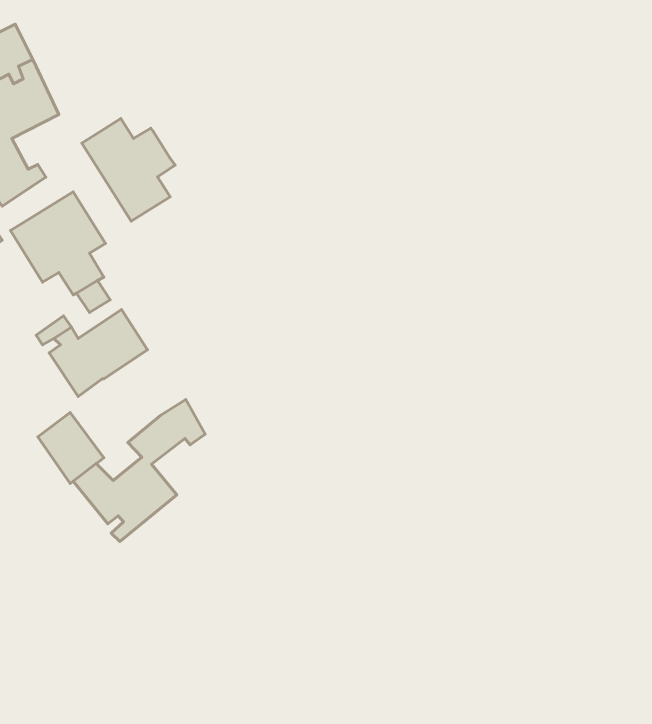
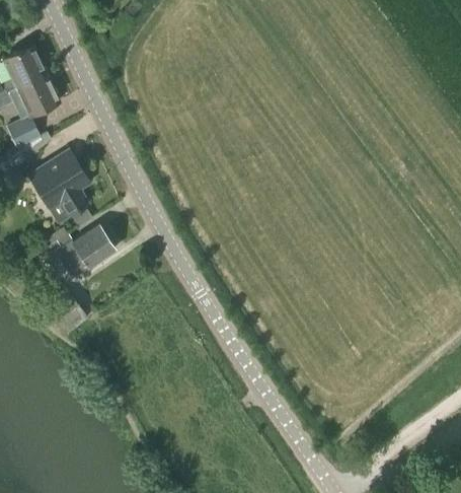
building: [82,119,175,221] -> none
building: [73,399,205,542] -> none

